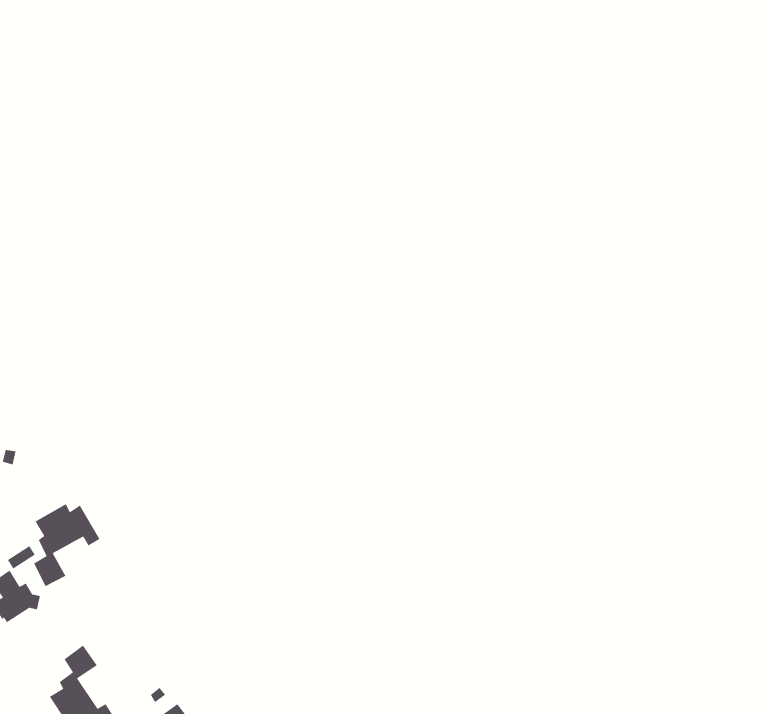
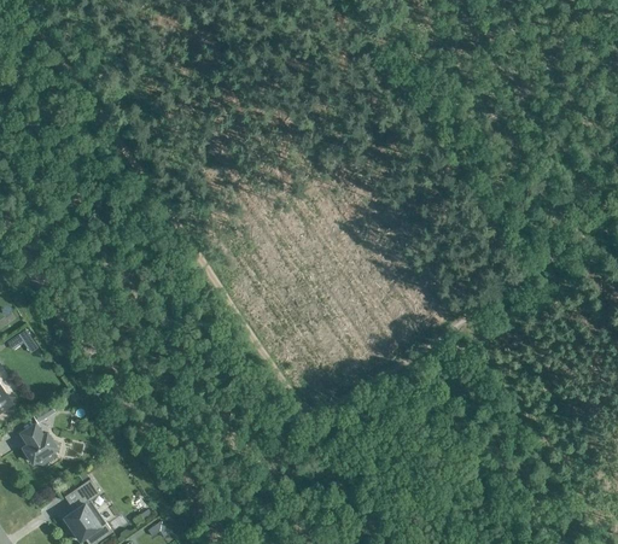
building: [33,503,101,587] -> none

